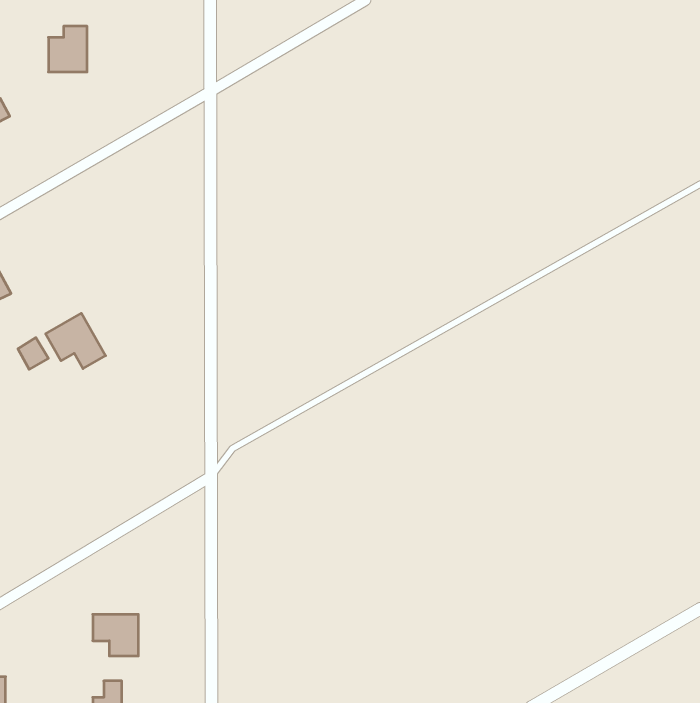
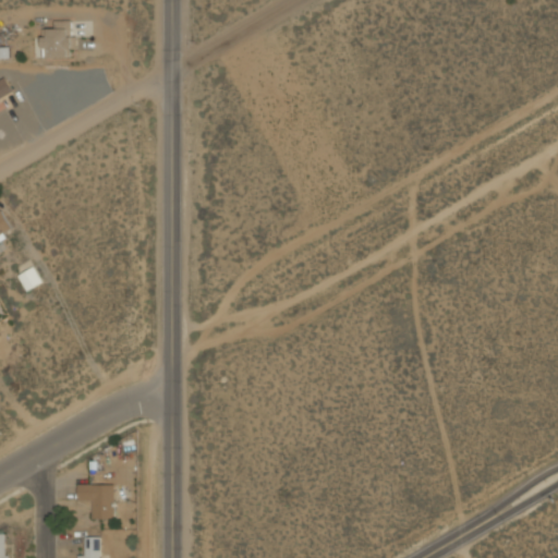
building: [46,313,106,369] -> none

